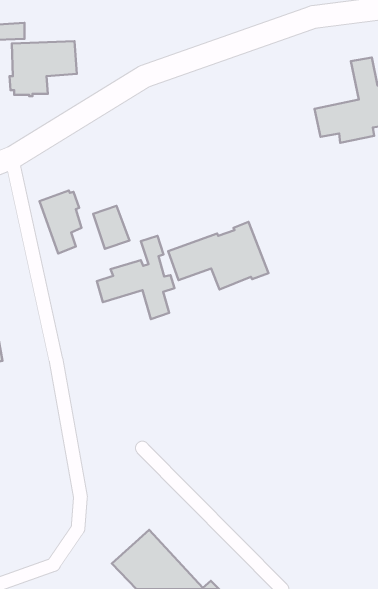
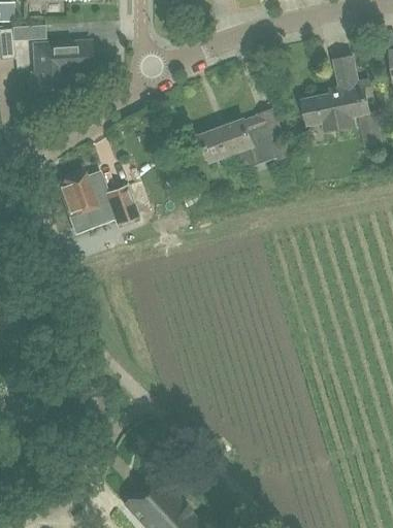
building: [168,222,268,290] -> [200,108,289,168]
building: [97,236,175,319] -> none

